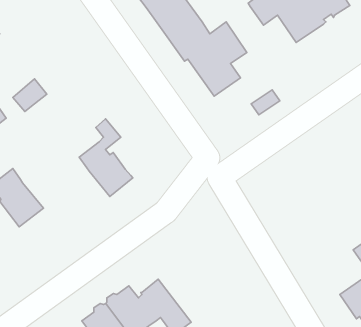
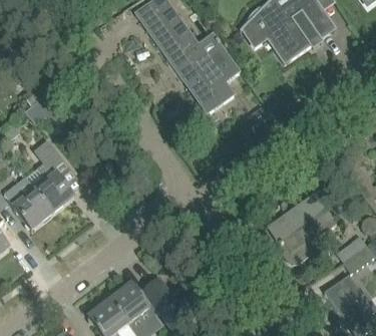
building: [79,119,133,196] -> [24,142,73,214]
building: none -> [270,194,335,264]

